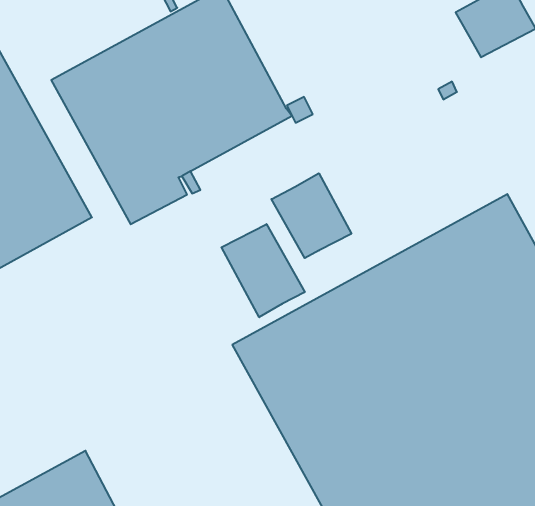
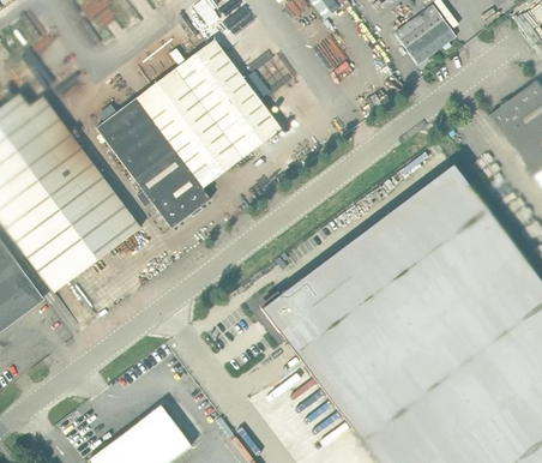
building: [271,173,351,258] -> none
building: [221,224,305,317] -> none

